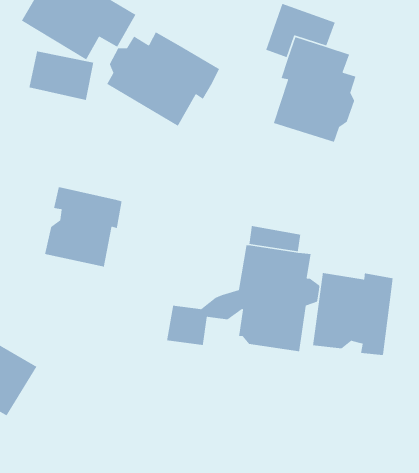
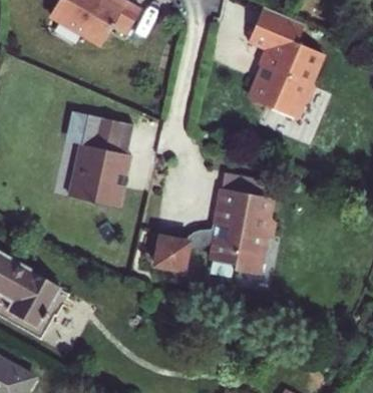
building: [106,31,220,127] -> none
building: [29,51,94,101] -> [80,117,131,156]
building: [312,272,394,356] -> none

